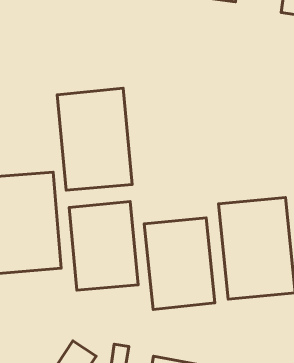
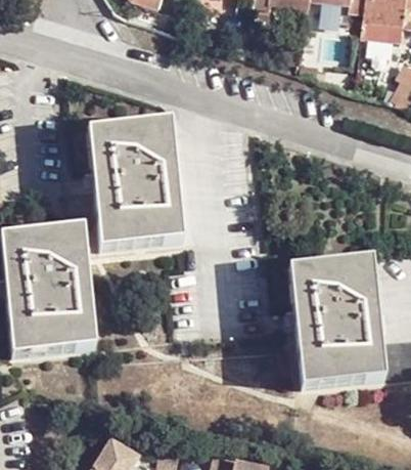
building: [69,202,138,290] -> none
building: [144,218,215,309] -> none

